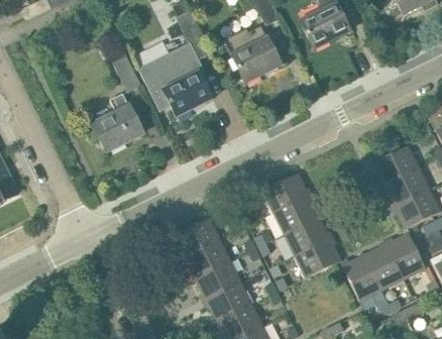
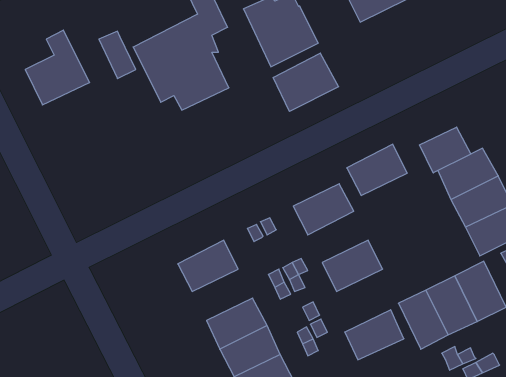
building: none -> [273,53,339,111]
building: [93,92,142,149] -> [25,30,90,105]
building: none -> [420,127,471,173]
building: [272,193,319,232] -> [347,144,407,195]
building: [184,237,230,276] -> none
building: [295,237,340,275] -> [345,310,404,360]

